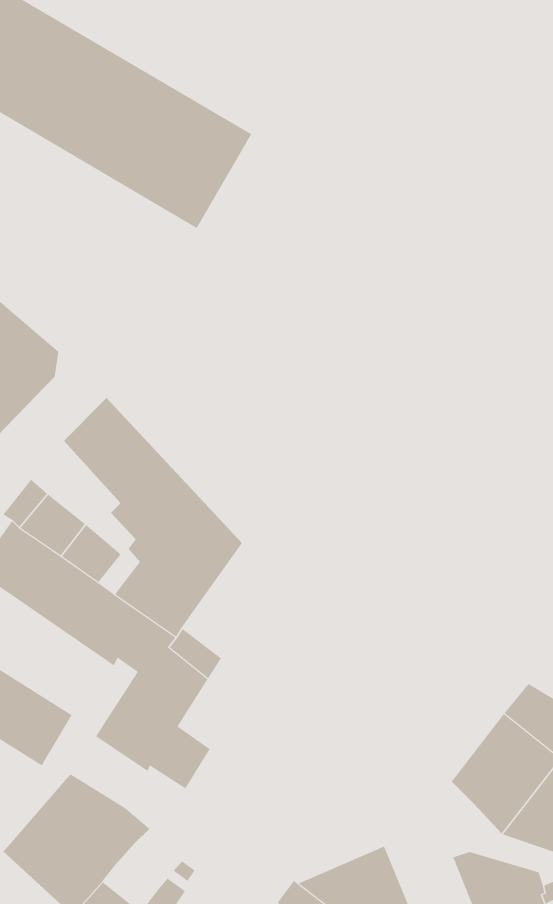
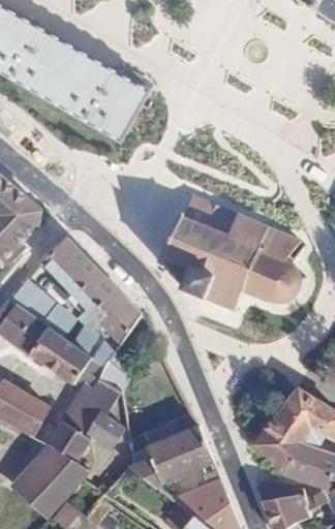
building: none -> [161,194,301,311]
building: none -> [48,419,90,459]
building: none -> [128,424,213,487]

